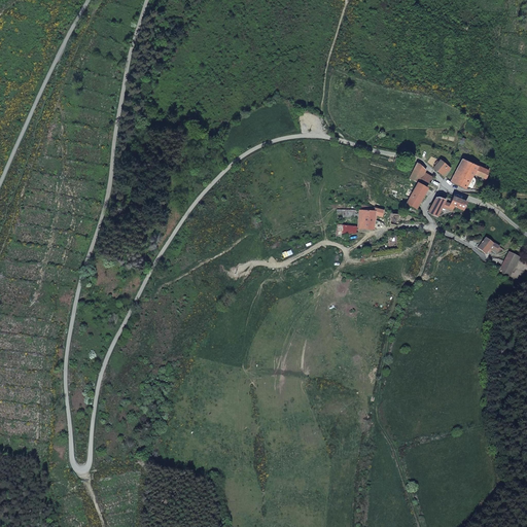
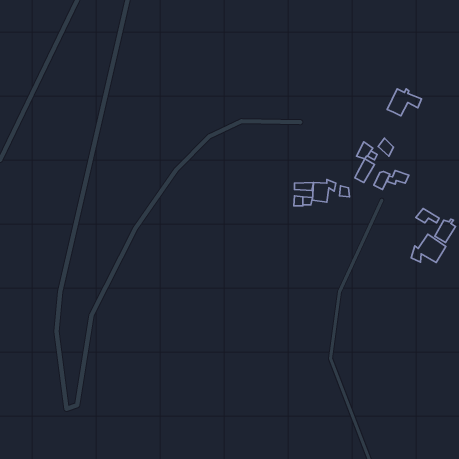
building: [451,159,490,189] -> [387,89,421,116]
building: none -> [411,234,446,263]

